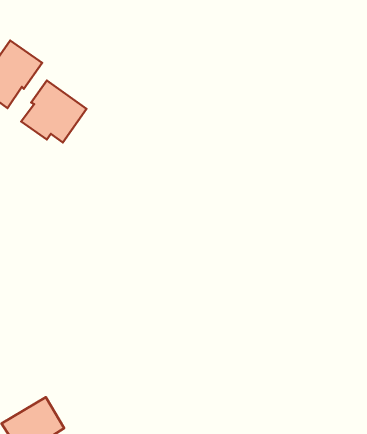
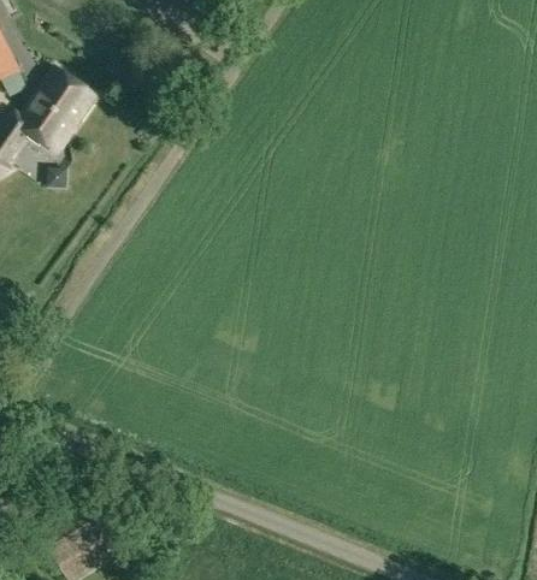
building: [21,80,87,142] -> none

